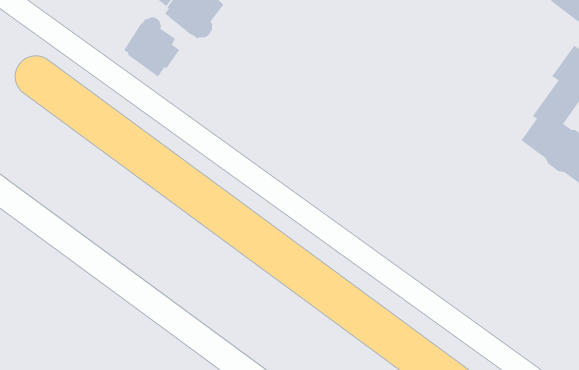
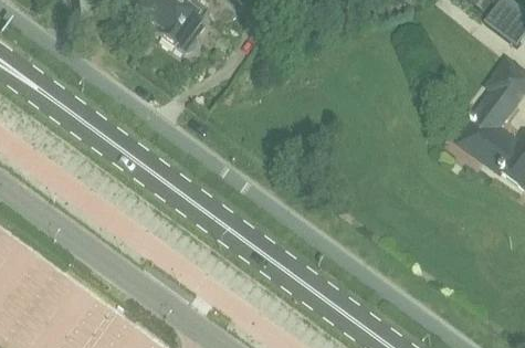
building: [123,17,180,77] -> none

